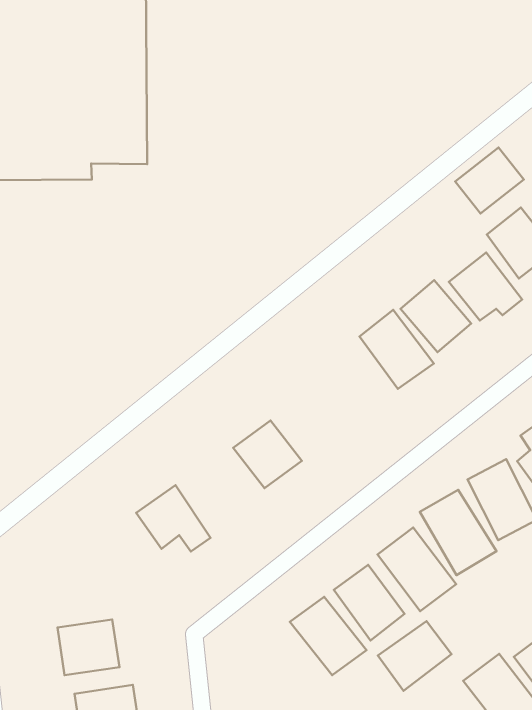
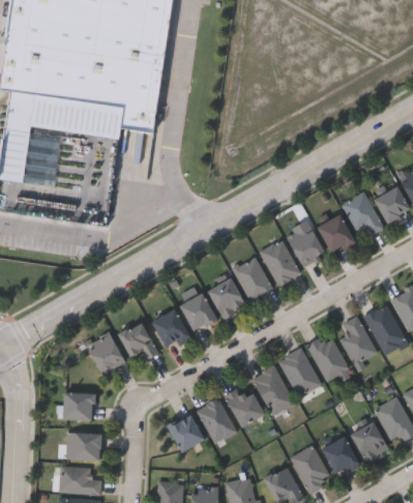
building: [455,147,524,213] -> none
building: none -> [232,256,273,302]
building: none -> [207,277,245,318]
building: none -> [150,308,191,346]
building: none -> [86,332,124,375]
building: [378,621,452,691] -> none
building: none -> [168,414,203,450]

